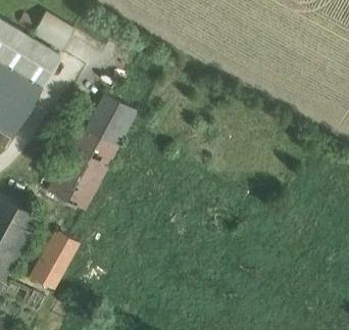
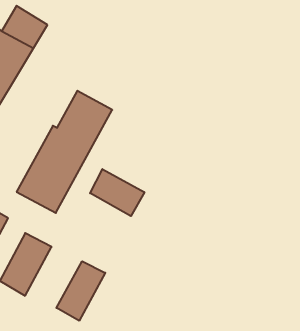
building: none -> [90,169,144,216]
building: none -> [56,261,105,321]

